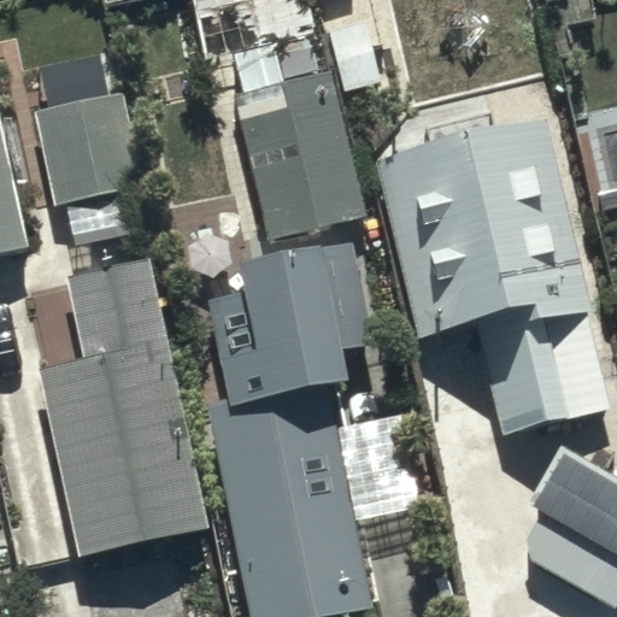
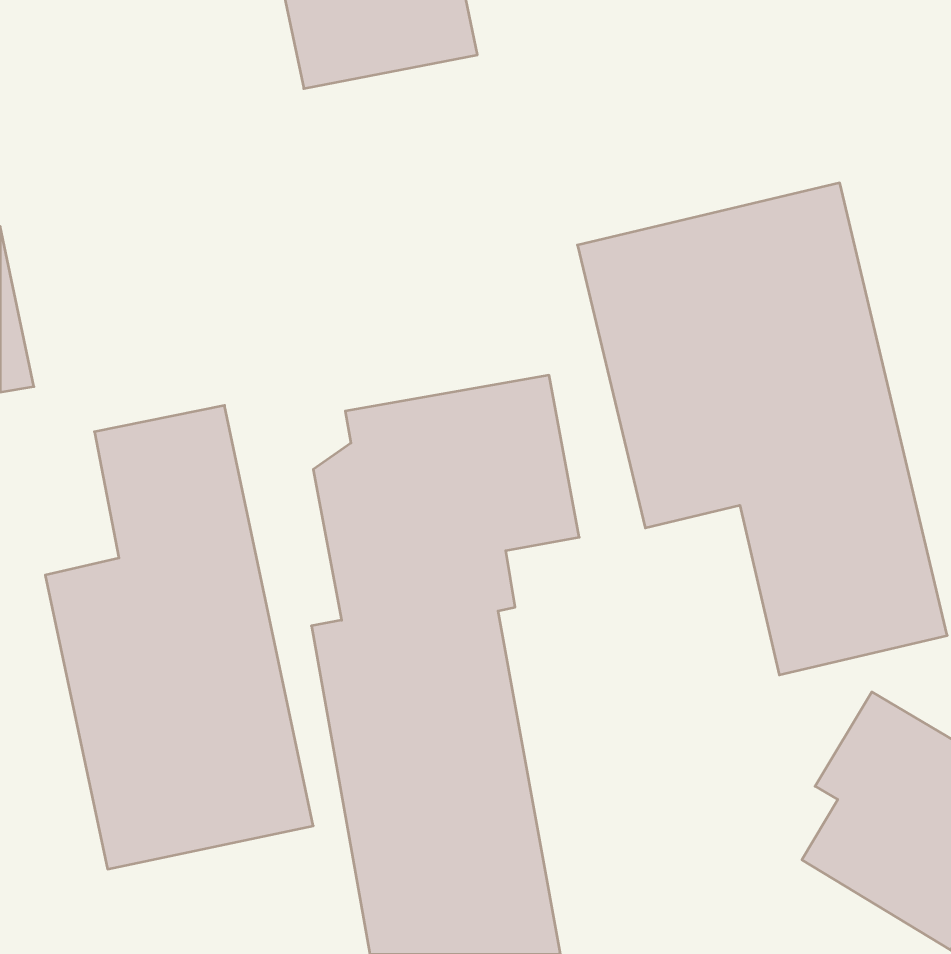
building: [234,59,363,241] -> none
building: [29,76,147,202] -> none

